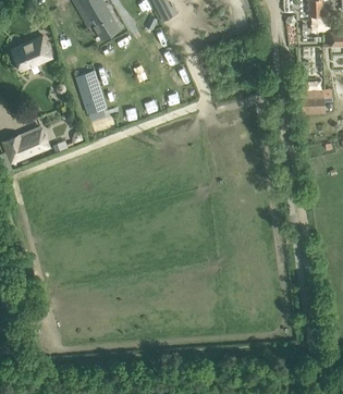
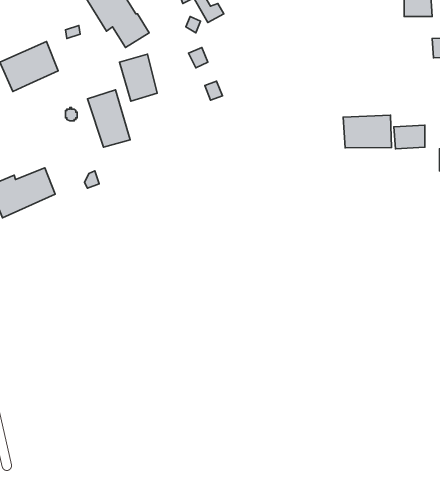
building: none -> [119,54,157,101]
building: none -> [343,115,391,148]

